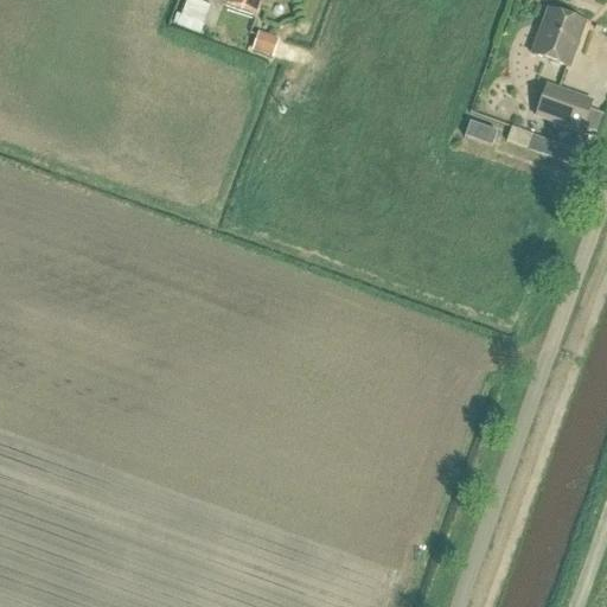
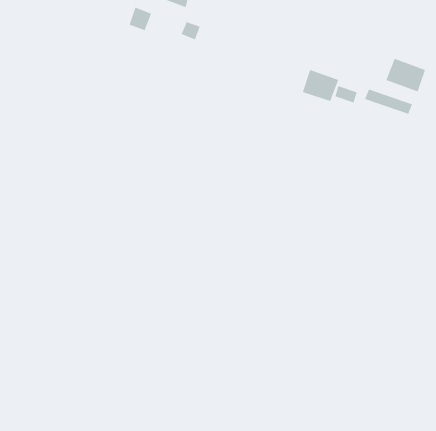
building: [532,7,584,64] -> none
building: none -> [302,69,339,102]

